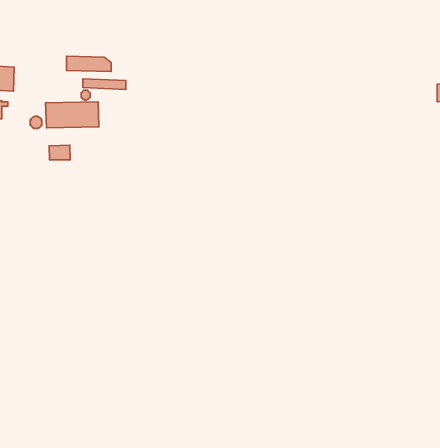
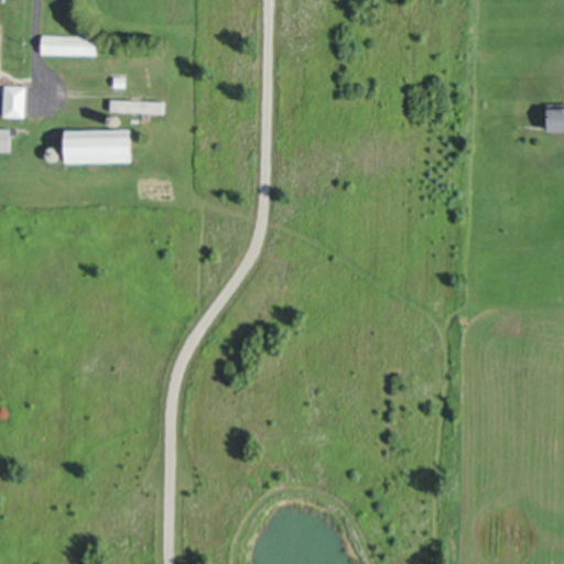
building: [67,56,111,71] -> [40,37,95,56]
building: [49,145,70,160] -> none

